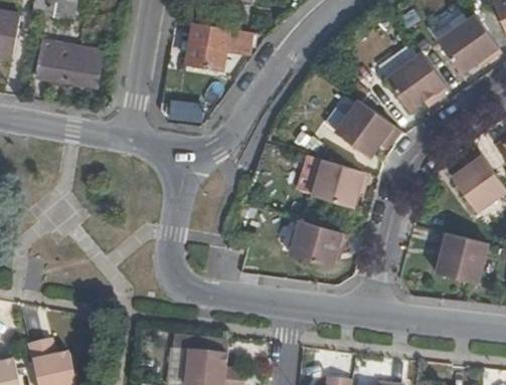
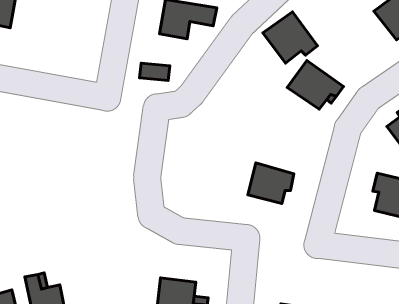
building: [37,42,102,85] -> none
building: [385,51,449,111] -> [263,12,318,63]
building: [311,155,366,203] -> none

